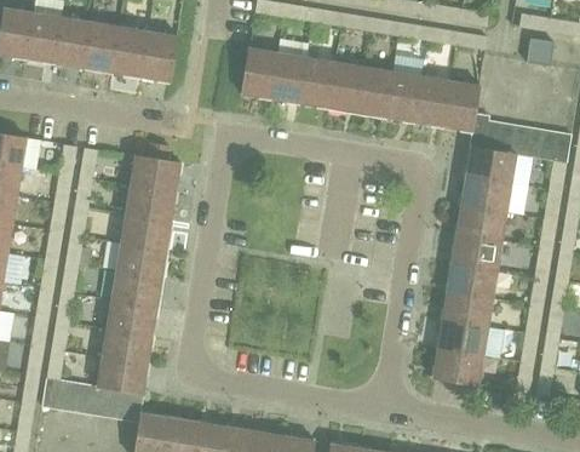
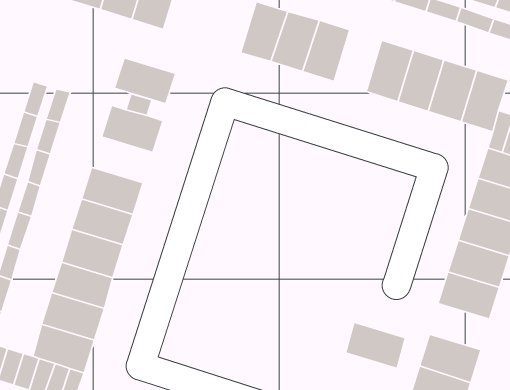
building: [327,61,363,113] -> none
building: [125,185,177,221] -> [114,58,176,104]
building: [442,290,493,325] -> [345,322,406,369]

